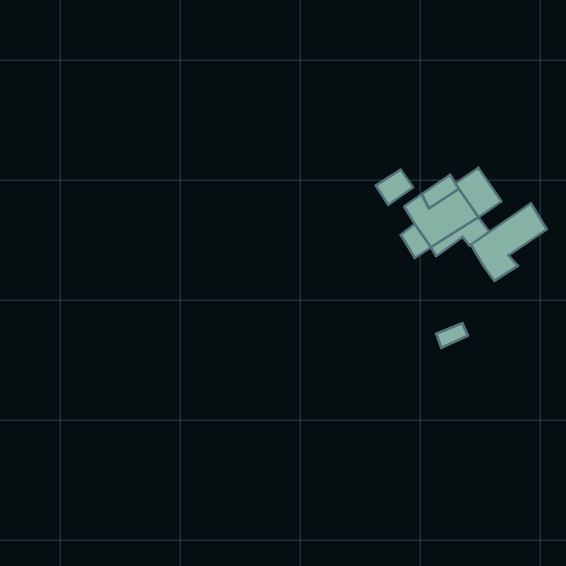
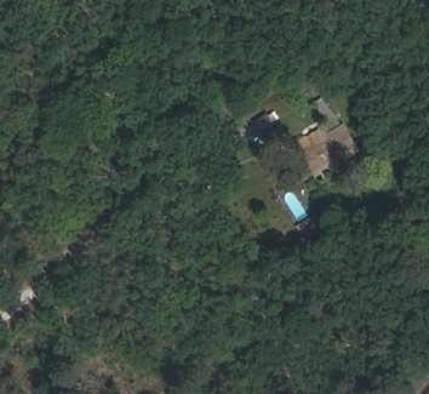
building: [471,203,547,281] -> none

